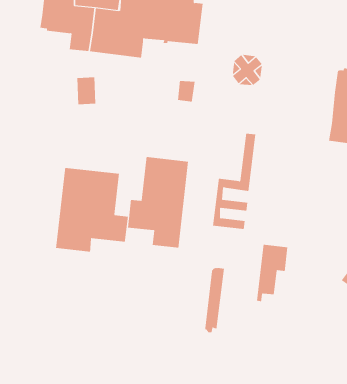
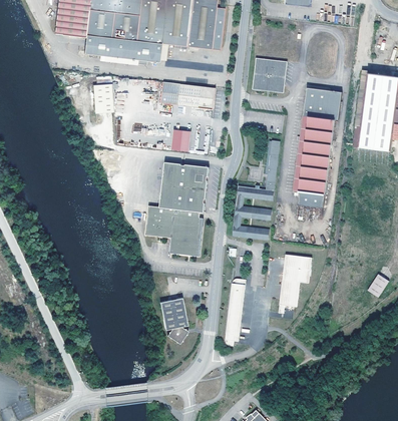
building: none -> [161,81,200,105]
building: none -> [293,87,342,206]
building: none -> [171,128,190,151]
building: [56,167,129,253] -> none
building: none -> [160,297,189,345]

